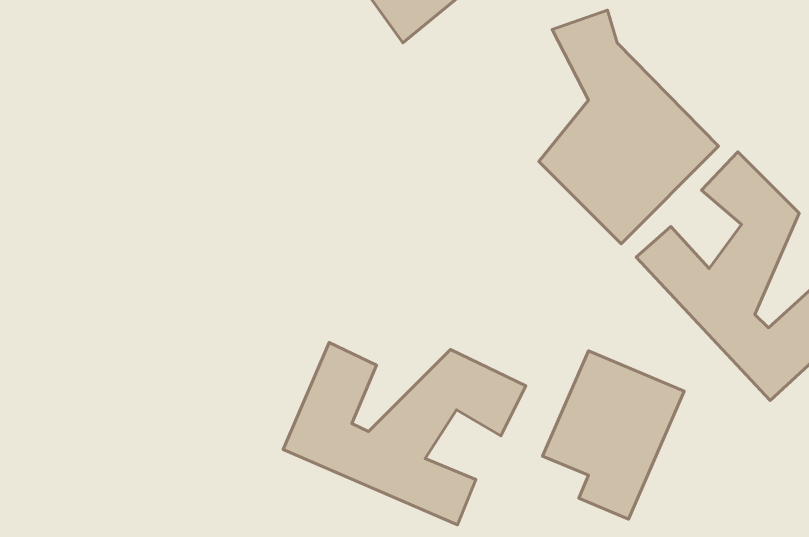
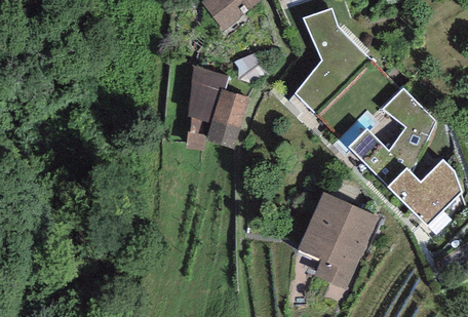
building: none -> [186,62,249,148]
building: [283,343,526,525] -> none

